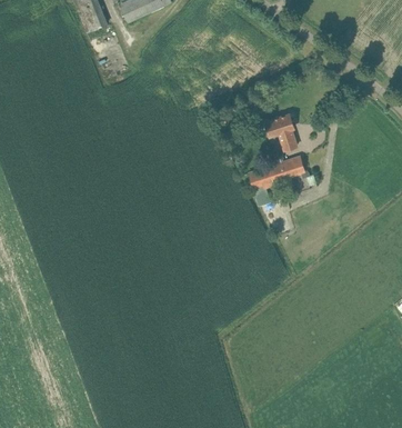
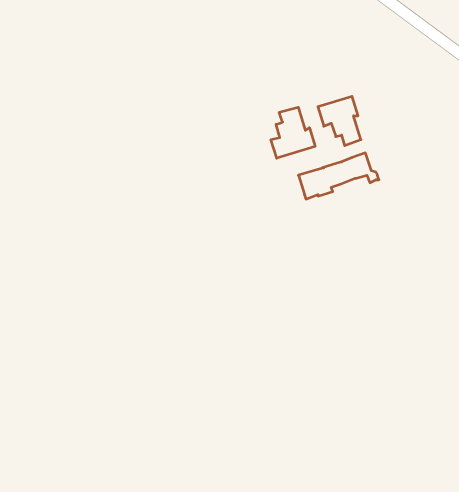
building: none -> [271,107,315,158]

